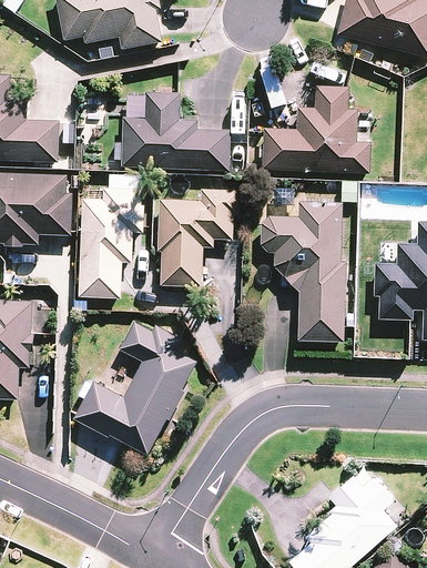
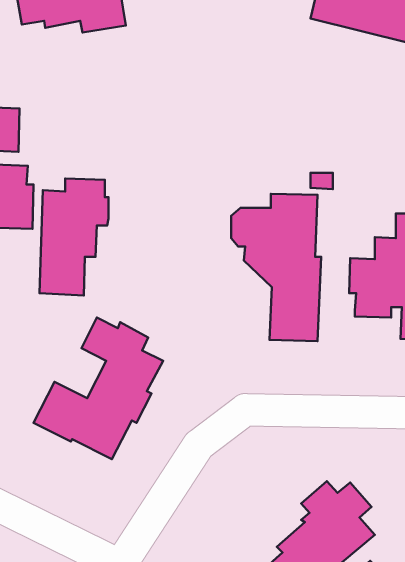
building: [262,85,372,173] -> none
building: [121,91,231,171] -> none
building: [159,189,240,287] -> none

